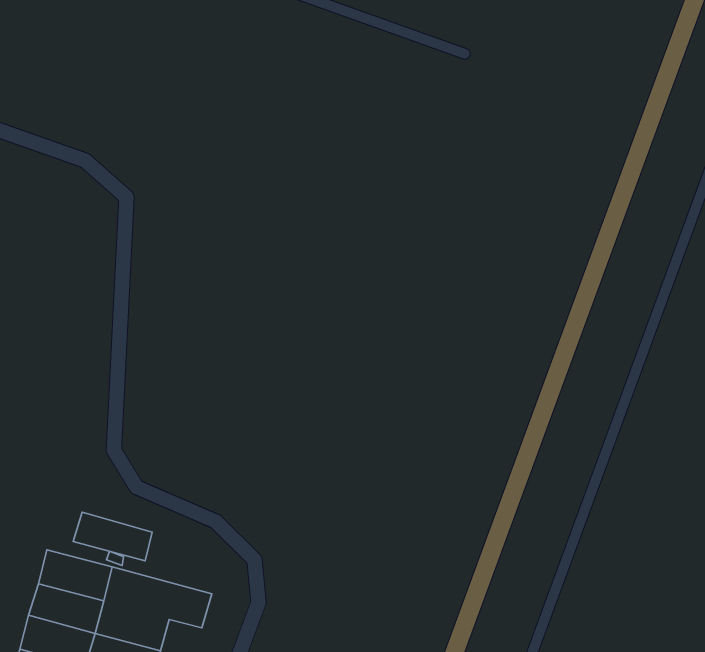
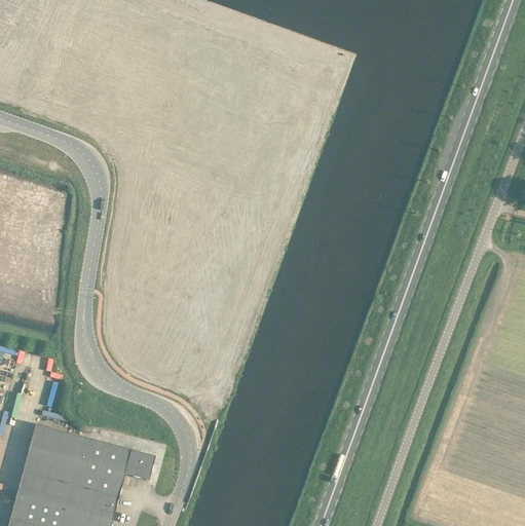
building: [73,512,152,561] -> none

